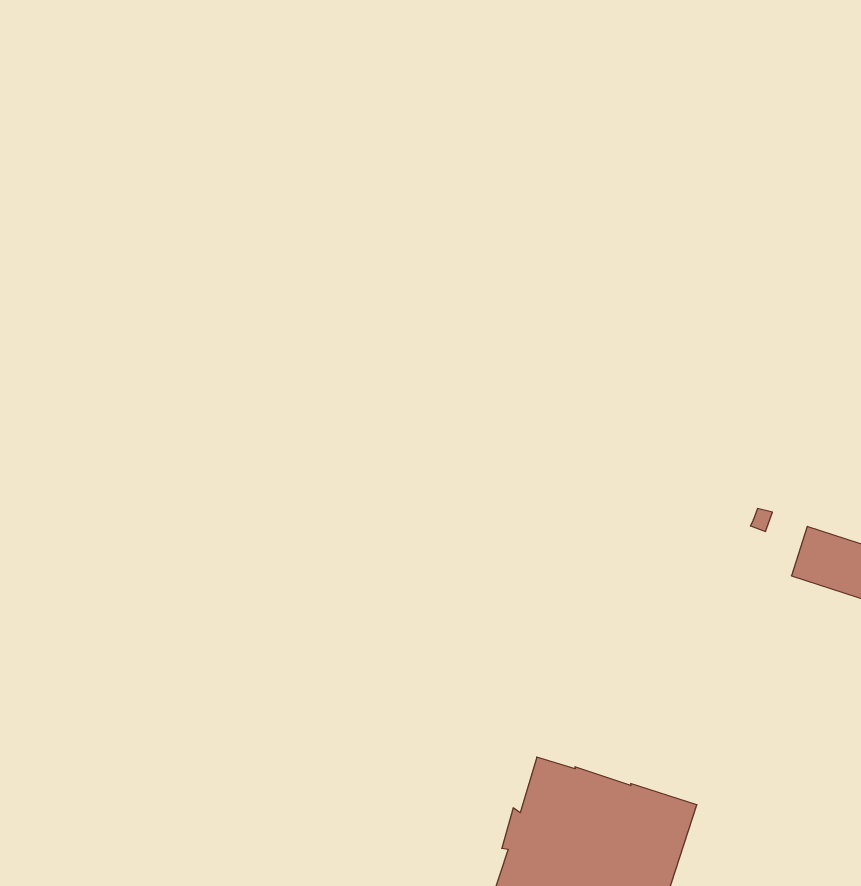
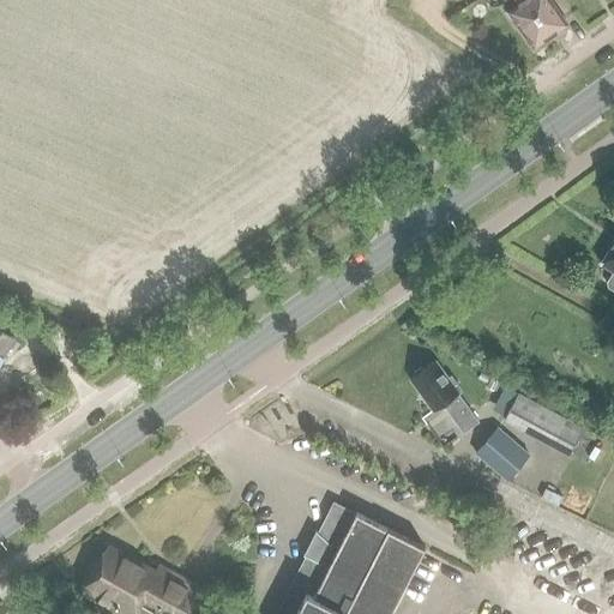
building: none -> [411,363,477,434]
building: none -> [476,429,529,481]

